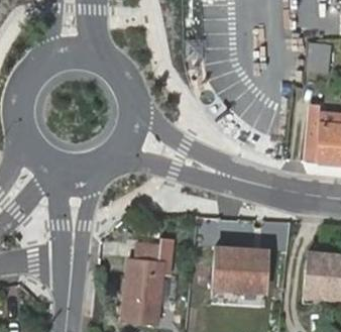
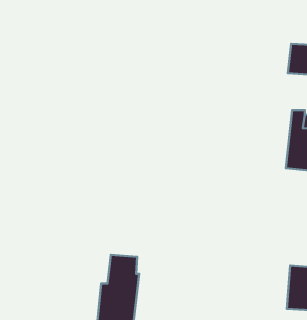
building: [214,250,268,293] -> none

